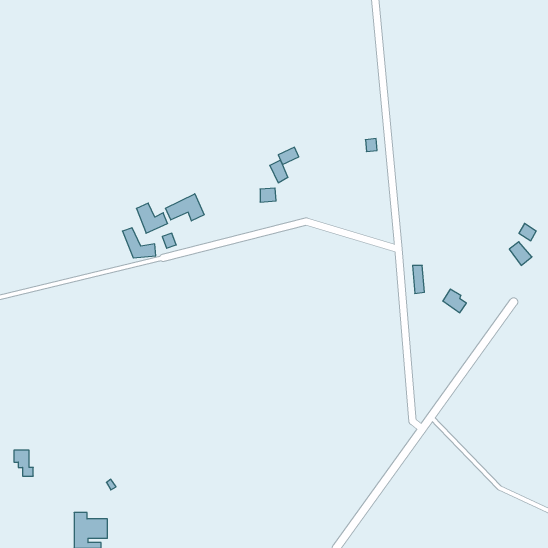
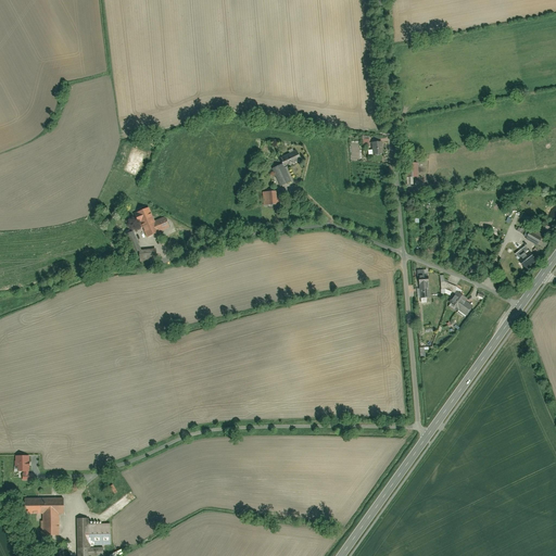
building: [166,194,204,221] -> none
building: none -> [25,498,63,536]

